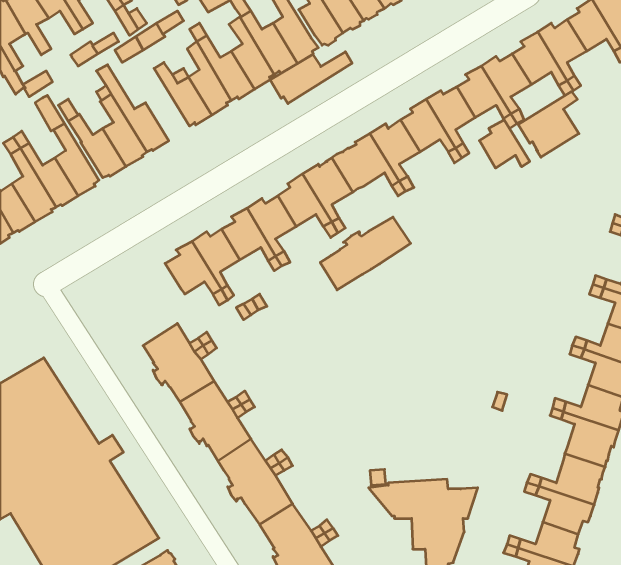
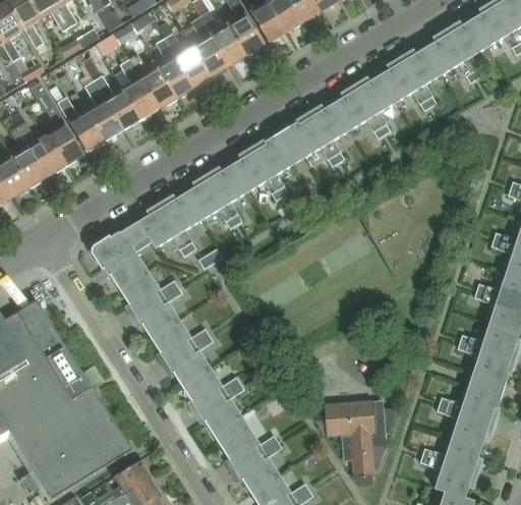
building: [270,52,352,104] -> none
building: none -> [119,60,158,120]
building: [518,92,579,157] -> none
building: [479,120,530,168] -> none
building: [320,217,411,290] -> none
building: none -> [90,222,151,290]

